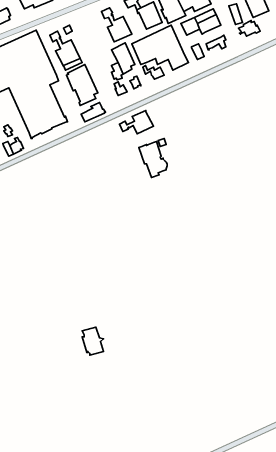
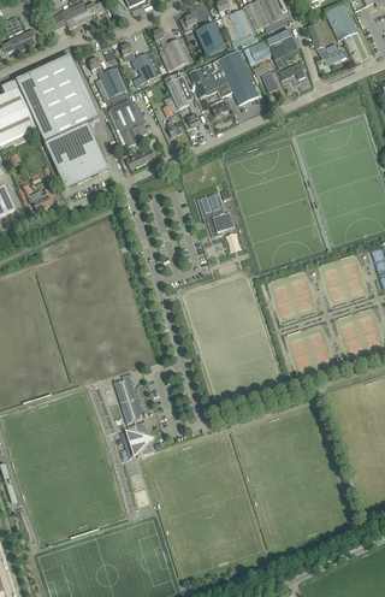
building: none -> [119,41,158,84]
building: [120,110,153,134] -> none
building: none -> [114,371,143,421]

